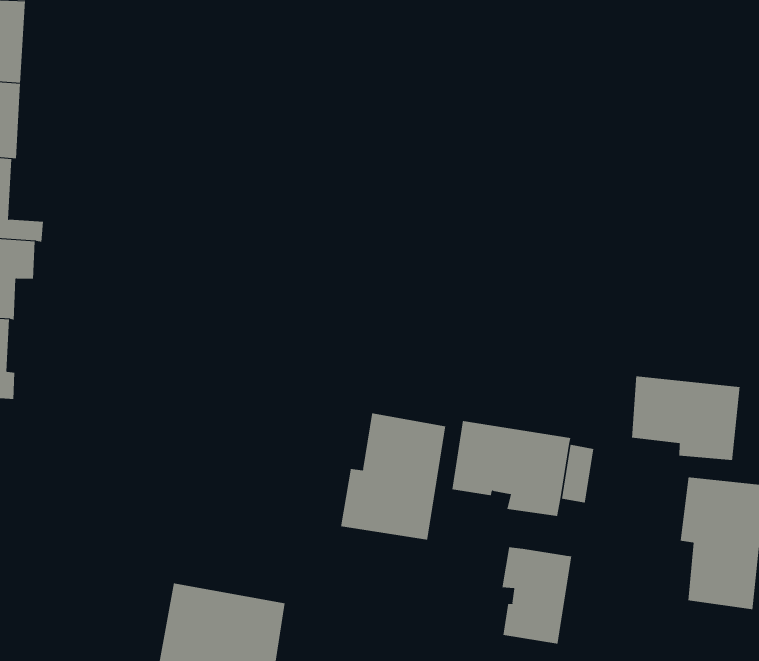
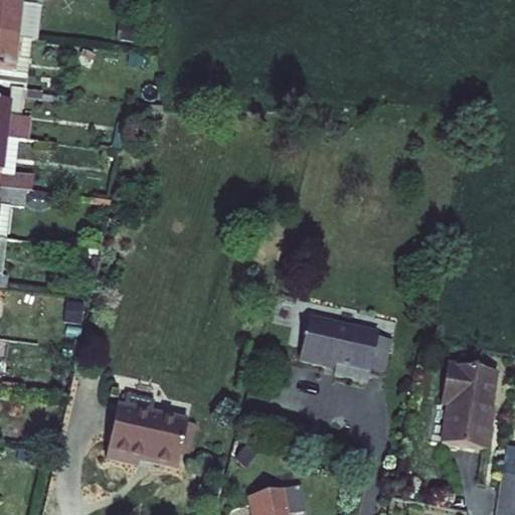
building: [631,376,740,461] -> none
building: [341,413,446,540] -> none
building: [502,547,572,645] -> none

